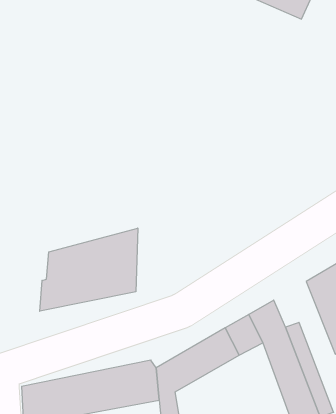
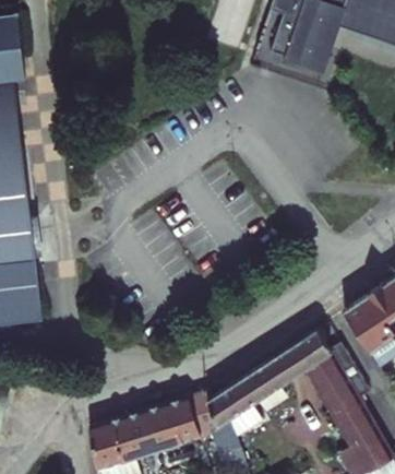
building: [40,228,138,311] -> none

